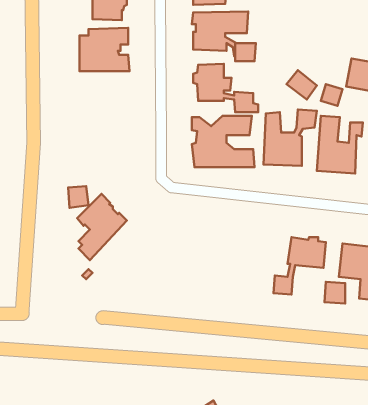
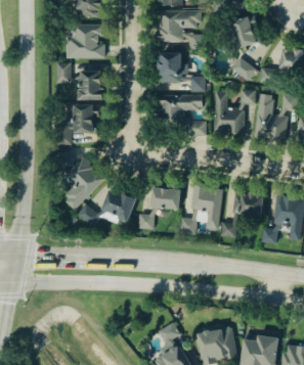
building: none -> [230,14,260,48]
building: none -> [56,62,104,99]
building: none -> [55,104,99,145]
building: none -> [180,183,222,233]
building: none -> [138,186,181,228]
building: none -> [76,189,136,226]

